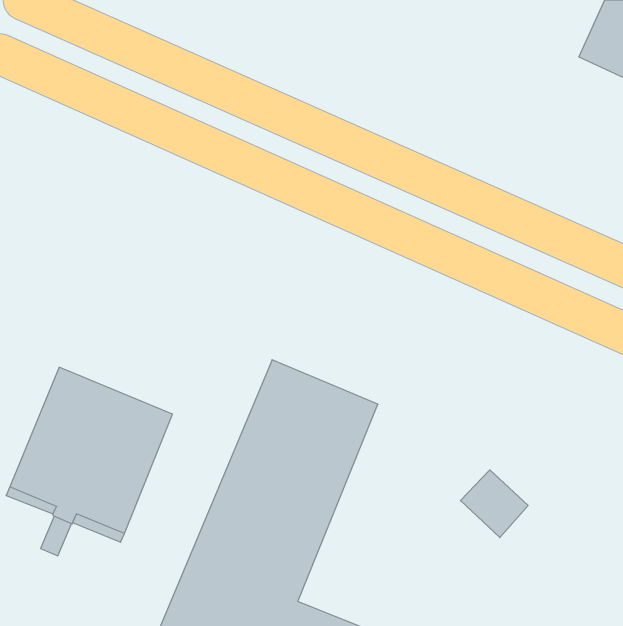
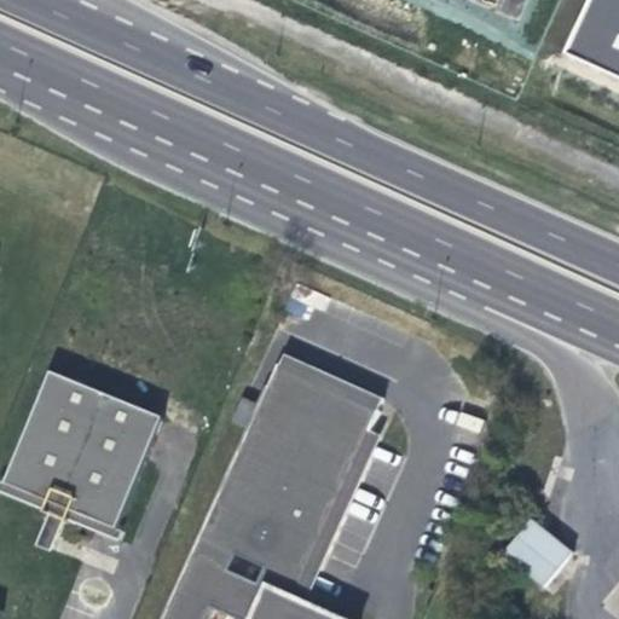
building: [460,470,528,538] -> [511,526,578,592]

